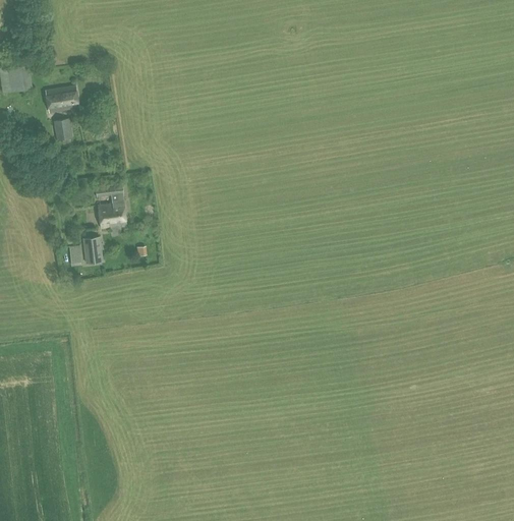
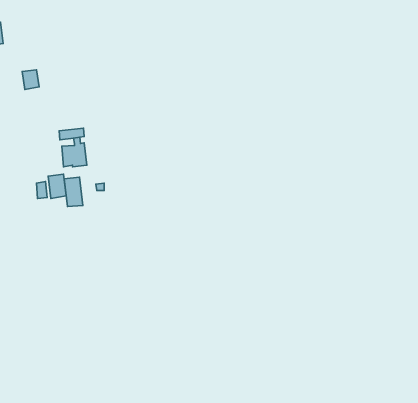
building: [46,85,78,112] -> none
building: none -> [64,177,83,206]

